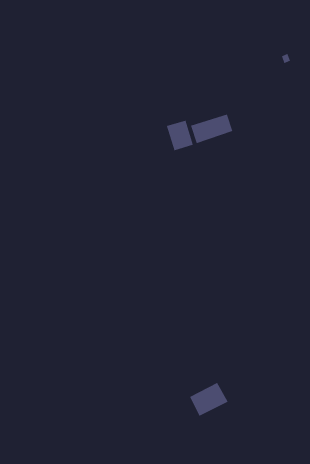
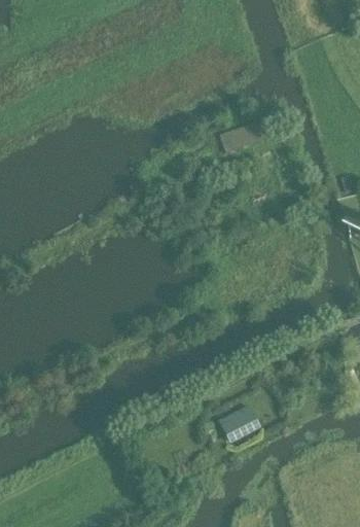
building: [166,120,193,151] -> none

